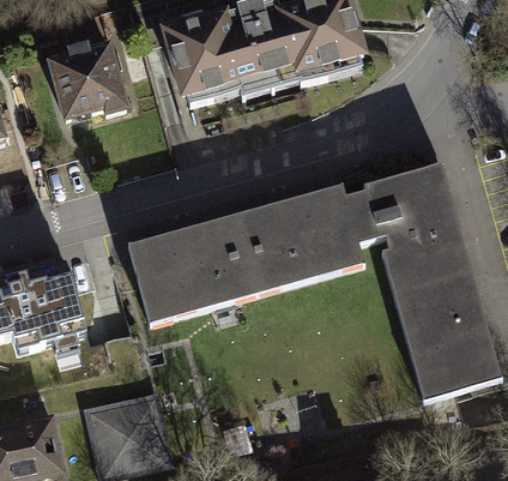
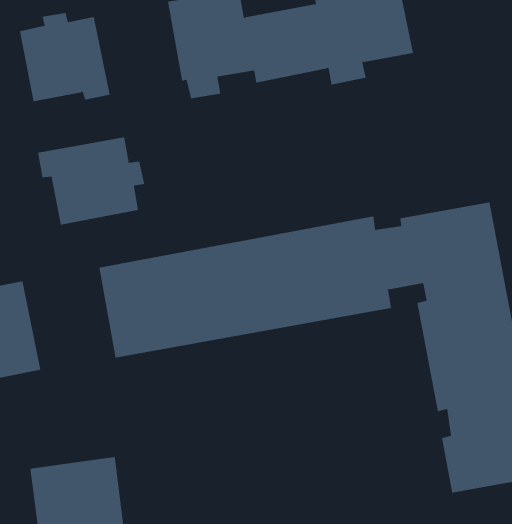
building: none -> [38,137,145,225]

